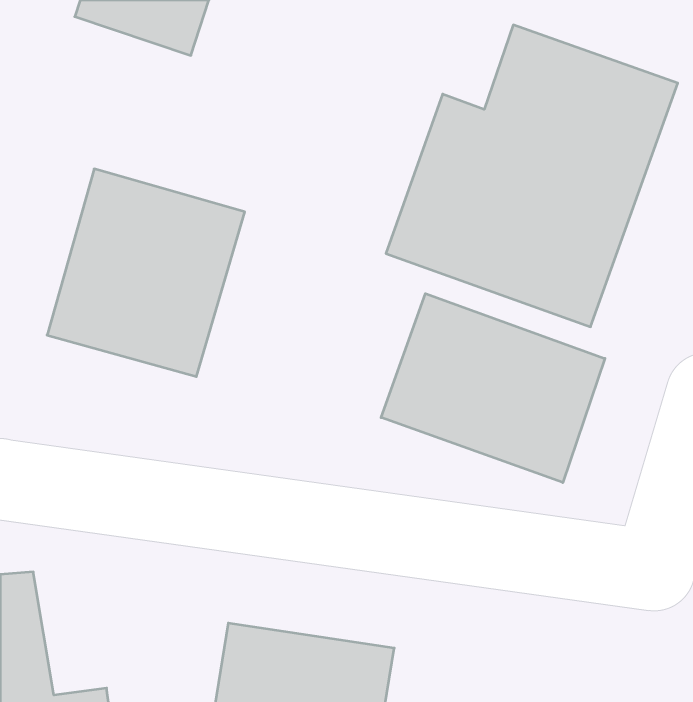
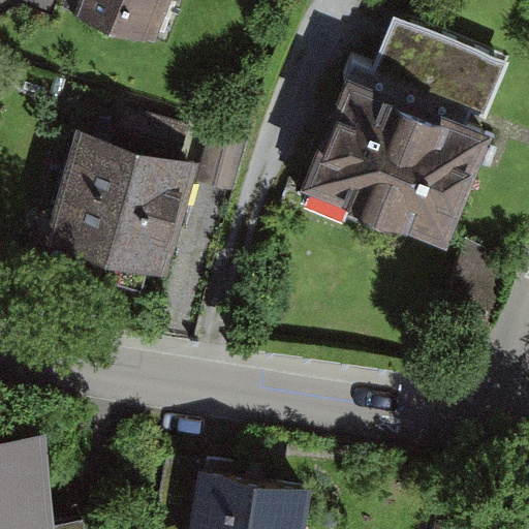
building: [381,294,605,483] -> none

